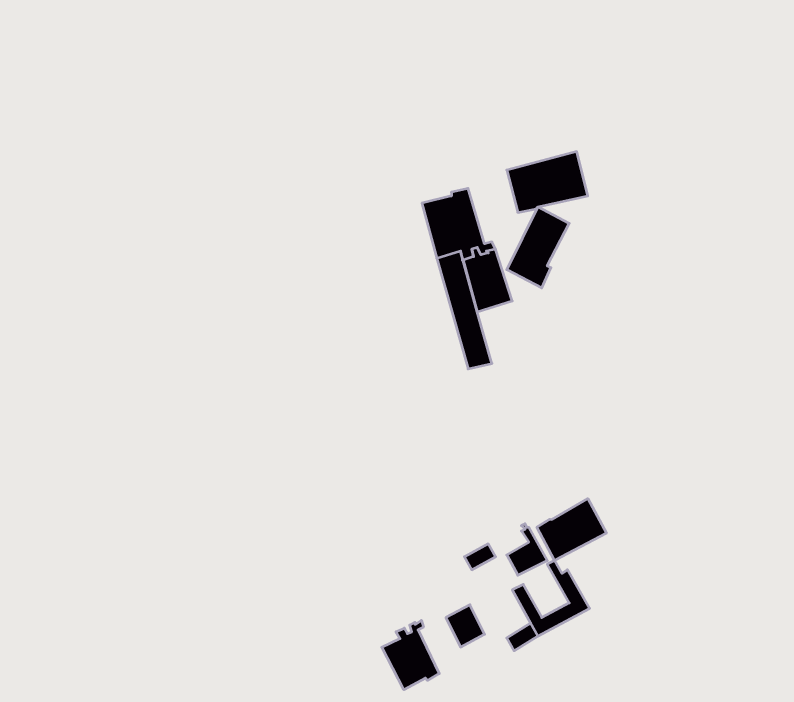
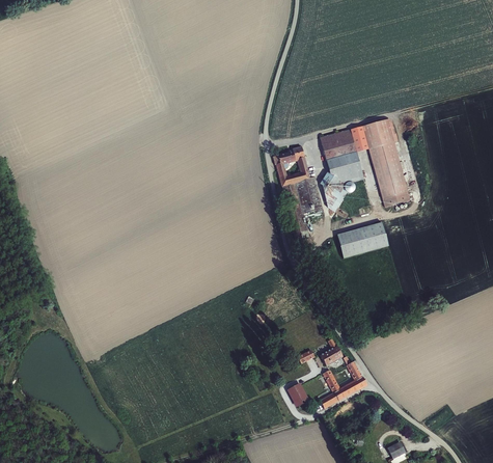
building: none -> [361,120,409,209]
building: none -> [337,222,389,257]
building: [537,499,606,561] -> none
building: [382,620,439,690] -> none

